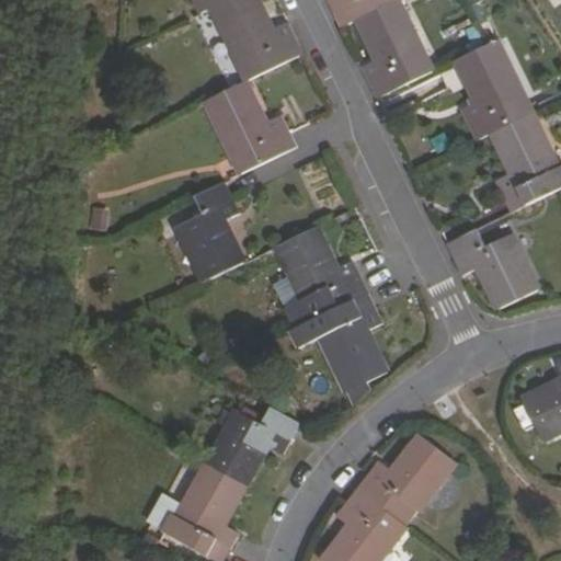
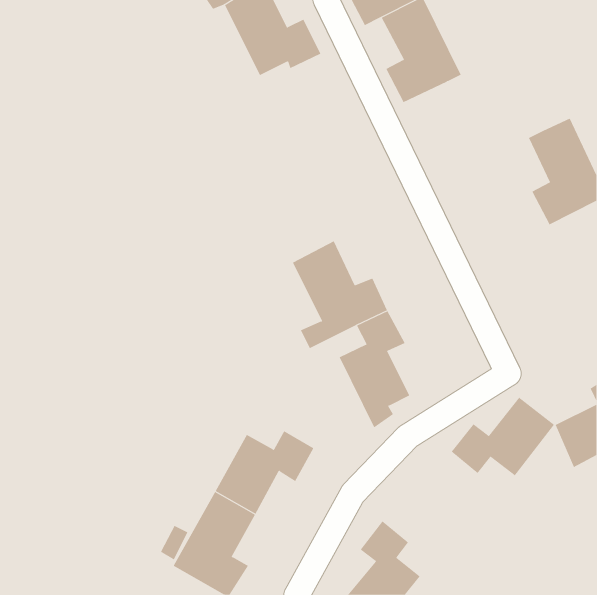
building: [459,37,526,138] -> none
building: [202,80,293,172] -> none
building: [174,181,240,280] -> none
building: [450,229,541,308] -> none
building: [358,437,456,512] -> [451,397,555,476]

